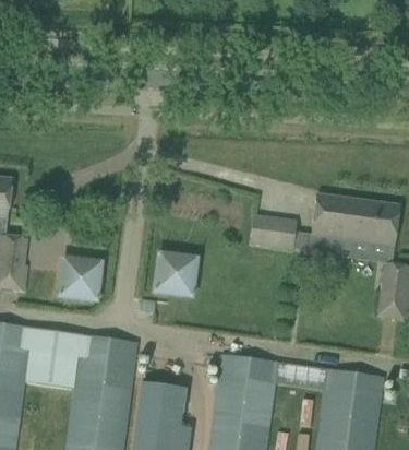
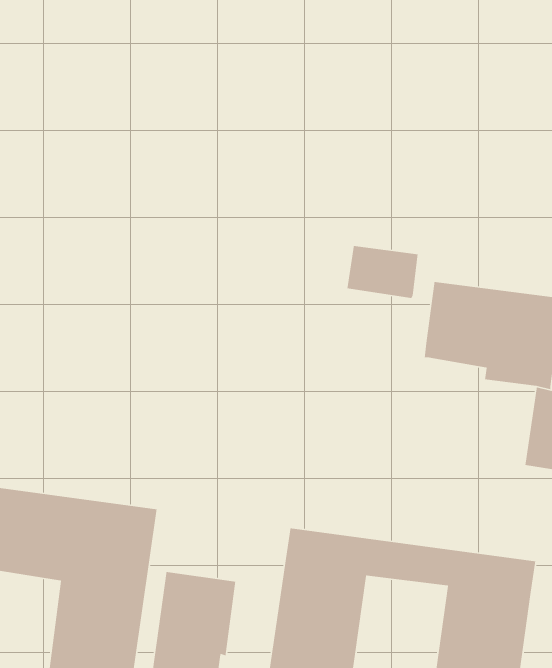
building: [250,214,297,249] -> [346,245,419,299]
building: [158,251,203,296] -> none
building: [61,253,108,301] -> none

